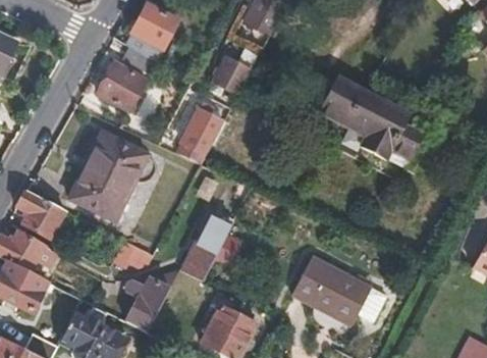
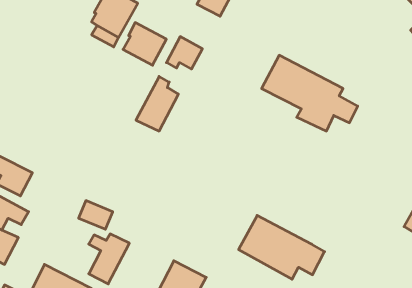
building: [100,61,148,108] -> [123,23,166,65]
building: [71,131,158,219] -> none
building: [182,215,235,280] -> none

